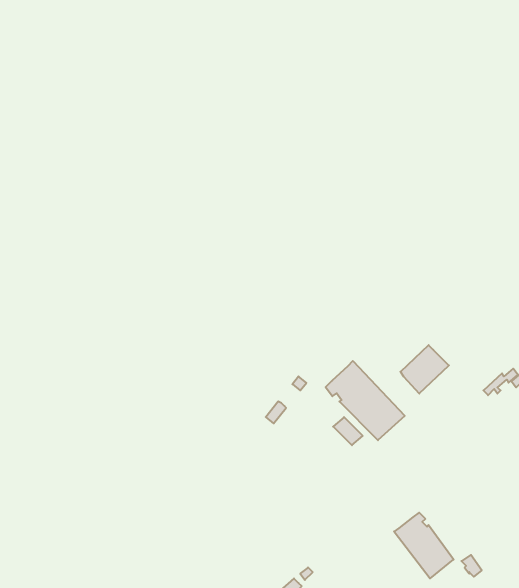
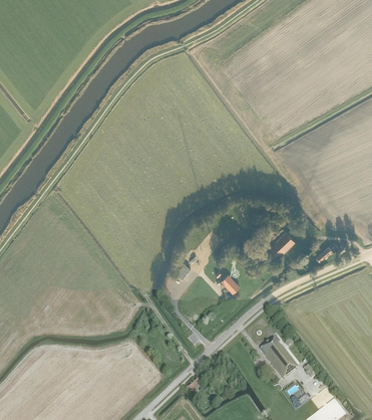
building: [326,361,405,440] -> none

